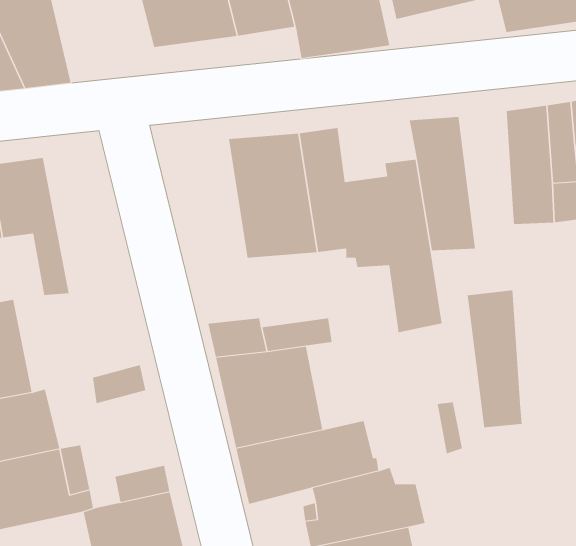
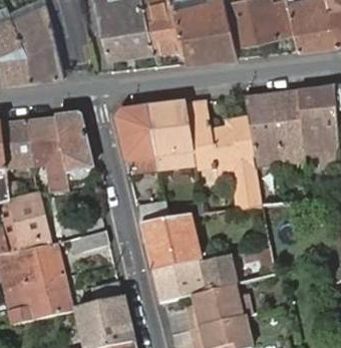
building: none -> [117,107,159,173]
building: none -> [50,115,92,191]
building: [467,290,523,428] -> [274,92,304,166]

